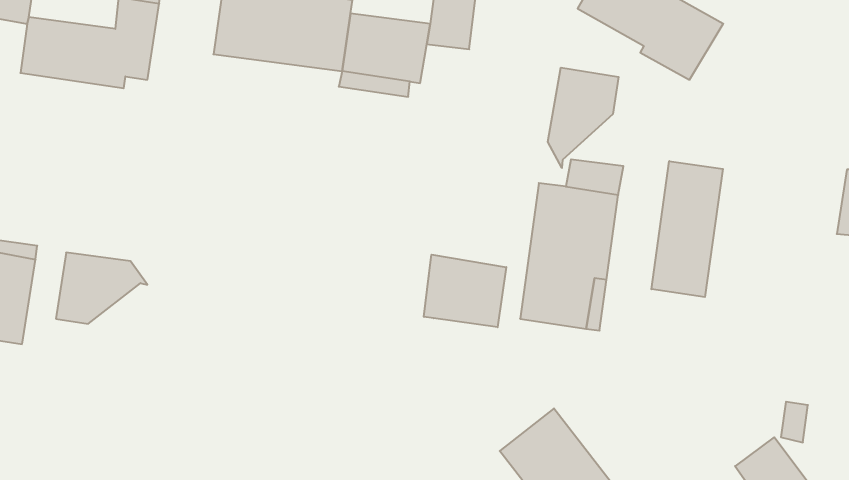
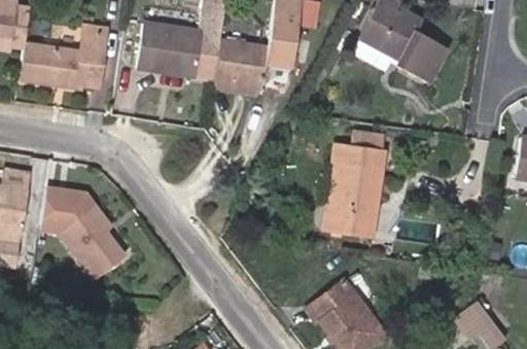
building: [548,68,619,168] -> none
building: [651,161,723,297] -> none
building: [424,255,506,327] -> none
building: none -> [62,207,126,278]

